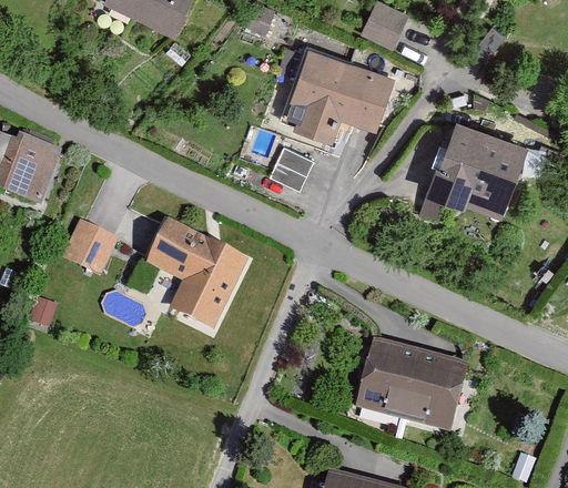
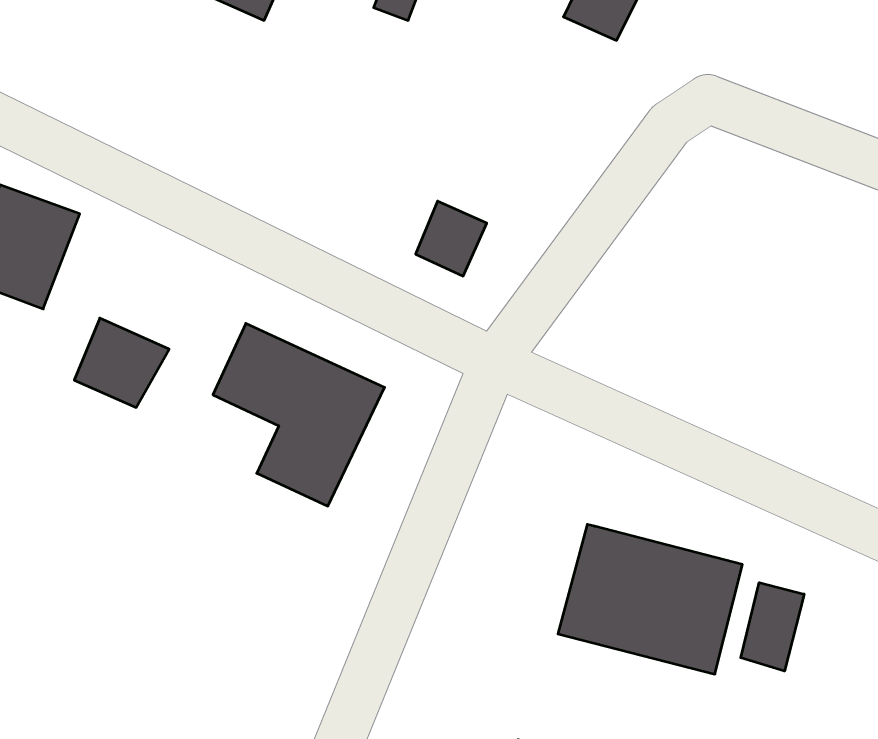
building: [284,48,388,141] -> none
building: [432,125,529,210] -> none
building: none -> [741,583,804,671]

